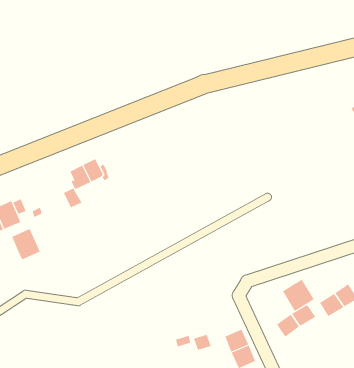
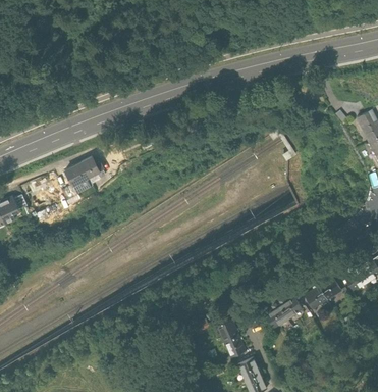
building: [11,228,40,260] -> none
building: [282,279,315,311] -> none

